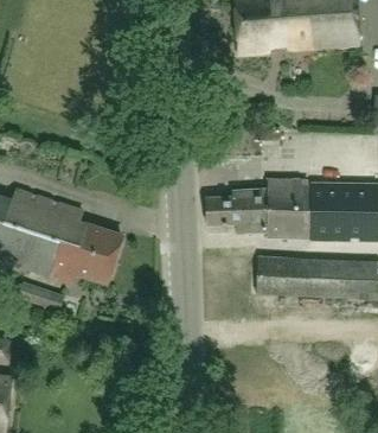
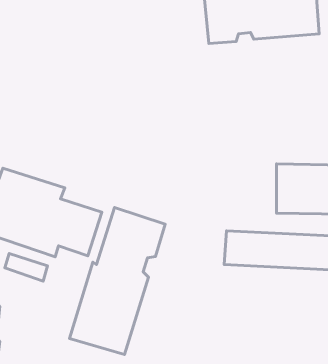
building: [206,178,313,237] -> none
building: none -> [69,208,165,355]

